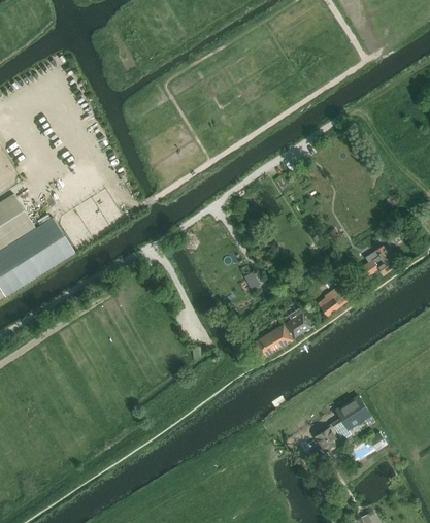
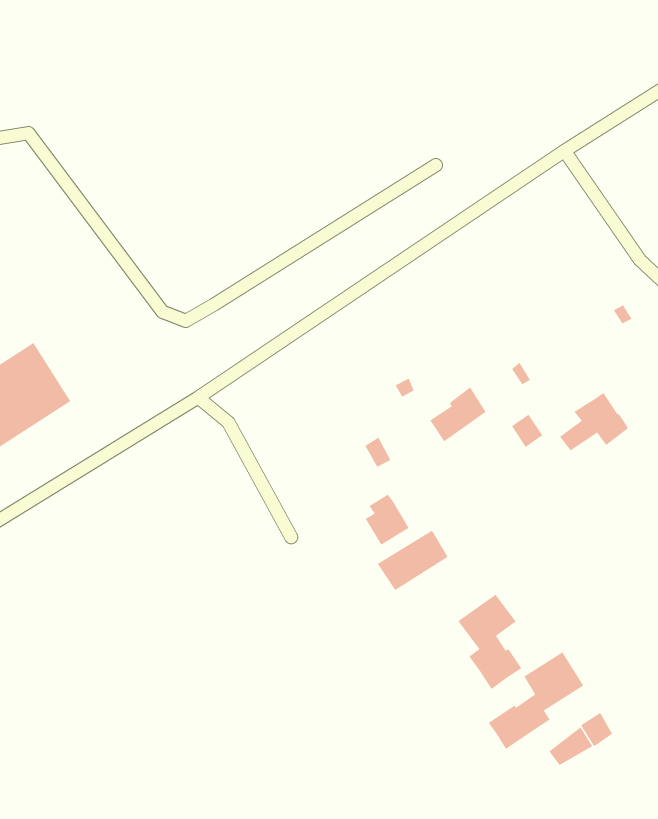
building: [318,284,351,316] -> [429,387,487,442]
building: [285,308,310,338] -> [365,494,410,546]
building: none -> [457,594,522,690]

